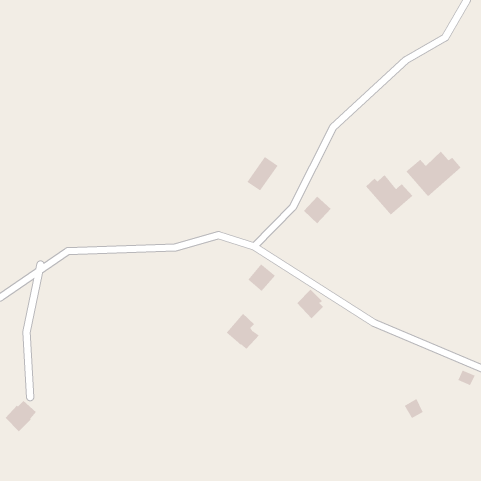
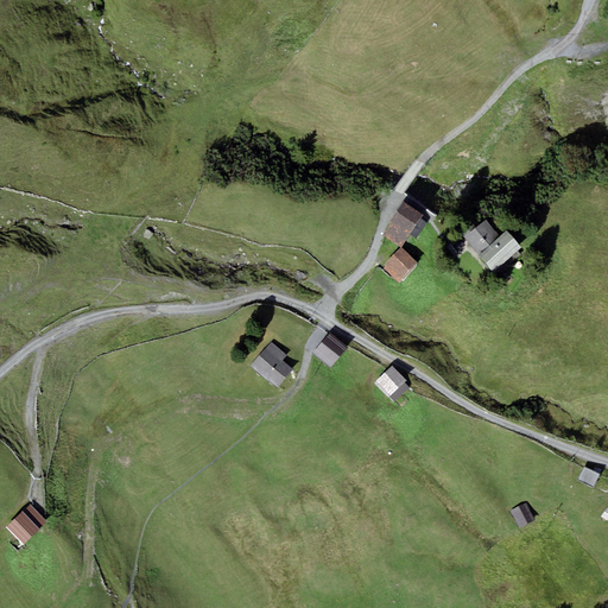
building: [405,151,462,197] -> none
building: [247,156,279,191] -> [382,202,423,246]
building: [226,313,260,350] -> [251,341,293,387]

